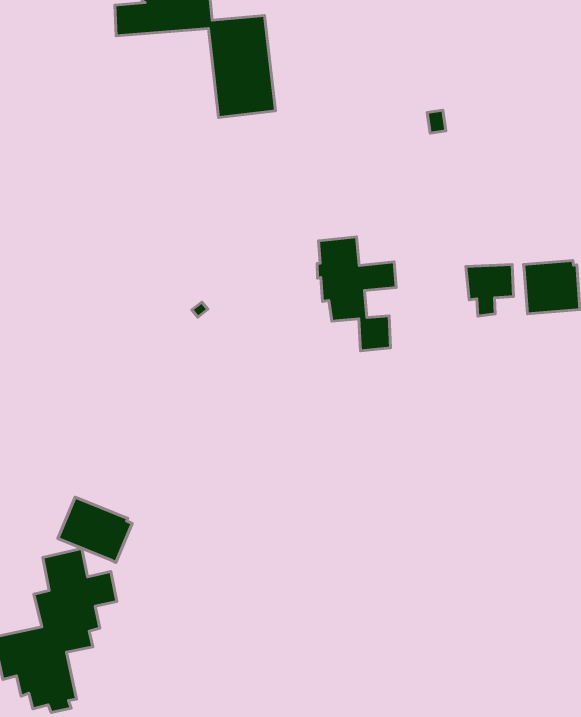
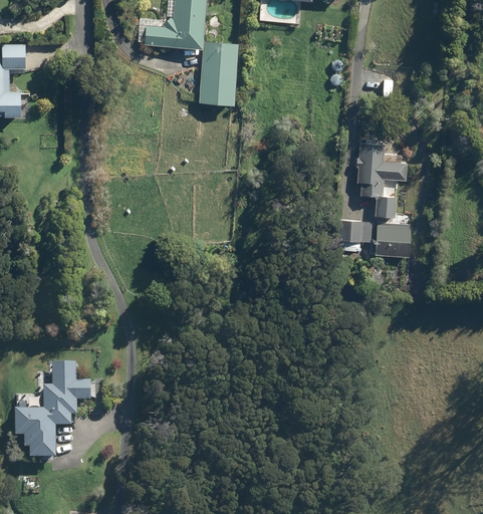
building: [317,237,396,351] -> [355,145,405,218]
building: [58,497,132,562] -> none

